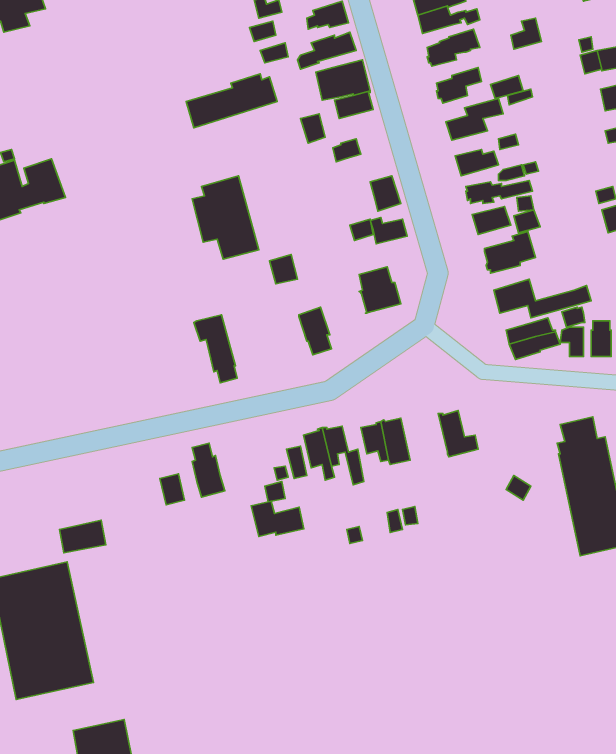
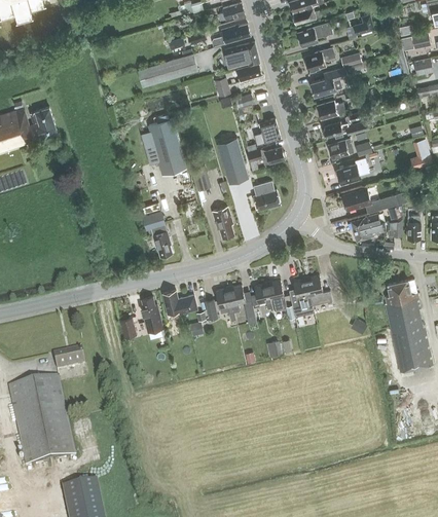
building: none -> [216,137,248,183]
building: none -> [288,276,311,307]
building: [251,501,304,537] -> [161,290,196,313]

